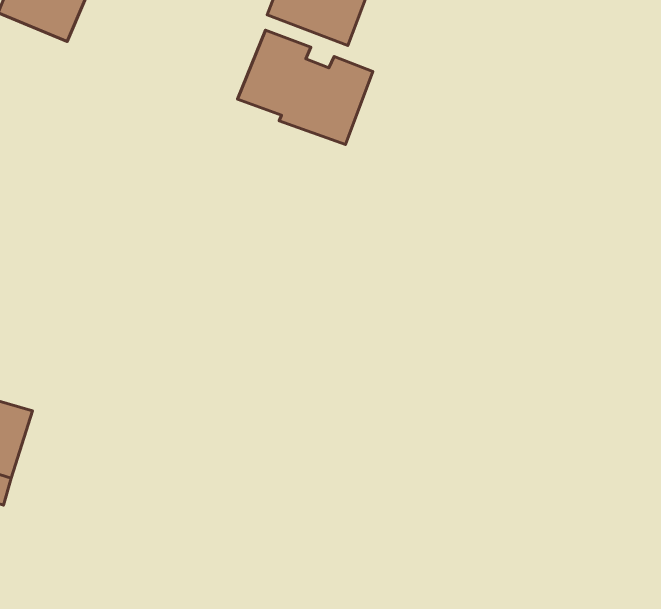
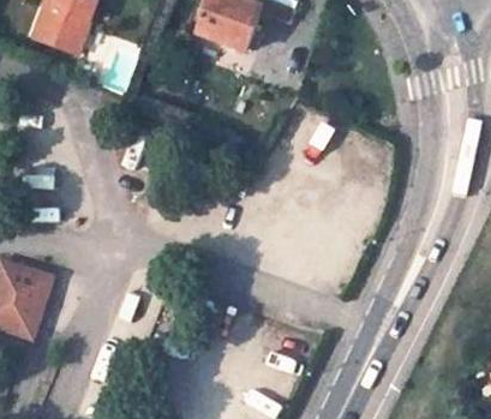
building: [237,30,373,145] -> none

